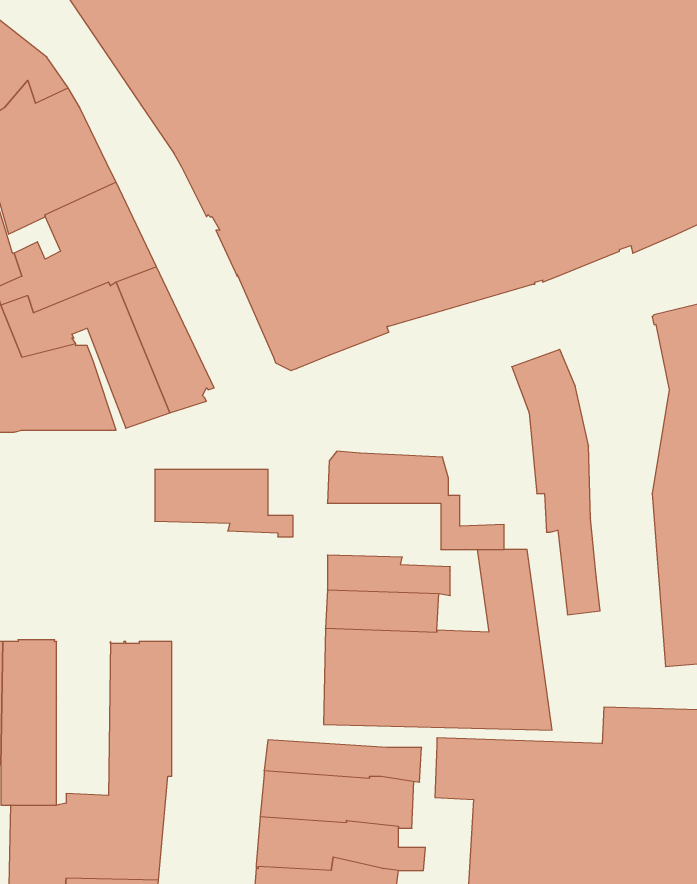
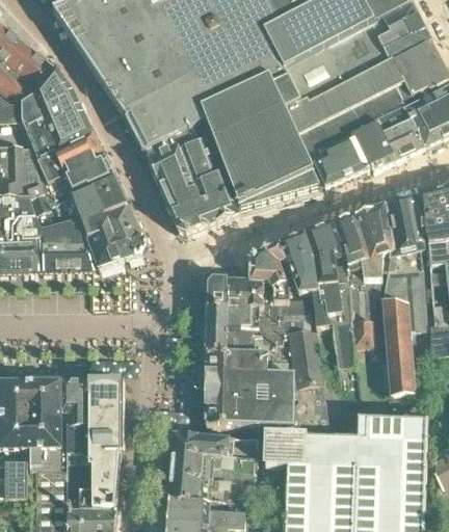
building: none -> [333,205,387,344]
building: none -> [280,231,327,324]
building: none -> [247,244,309,311]
building: [155,469,293,537] -> [207,304,282,341]
building: none -> [60,379,89,462]

